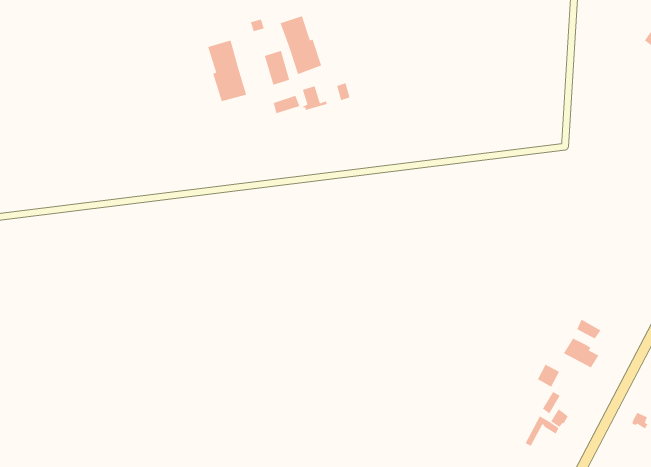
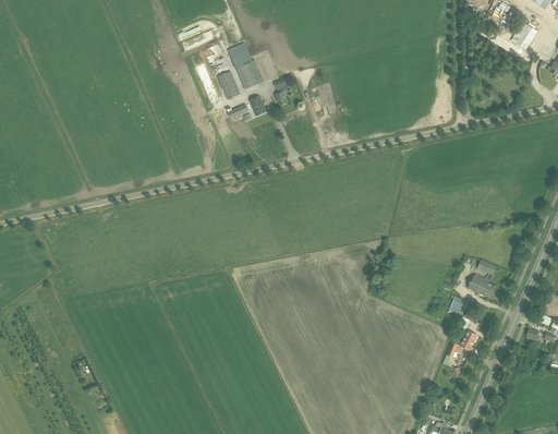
building: [207,39,247,102] -> none

